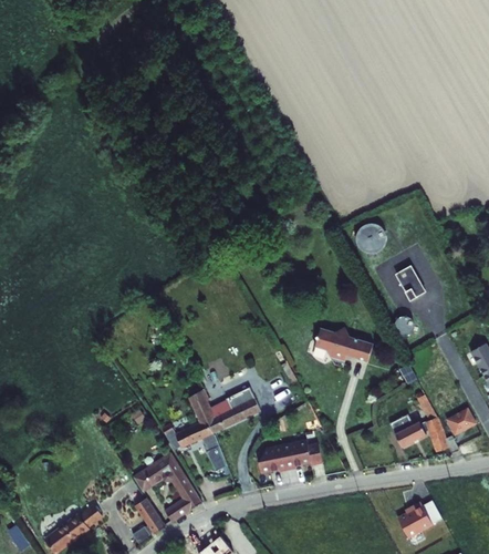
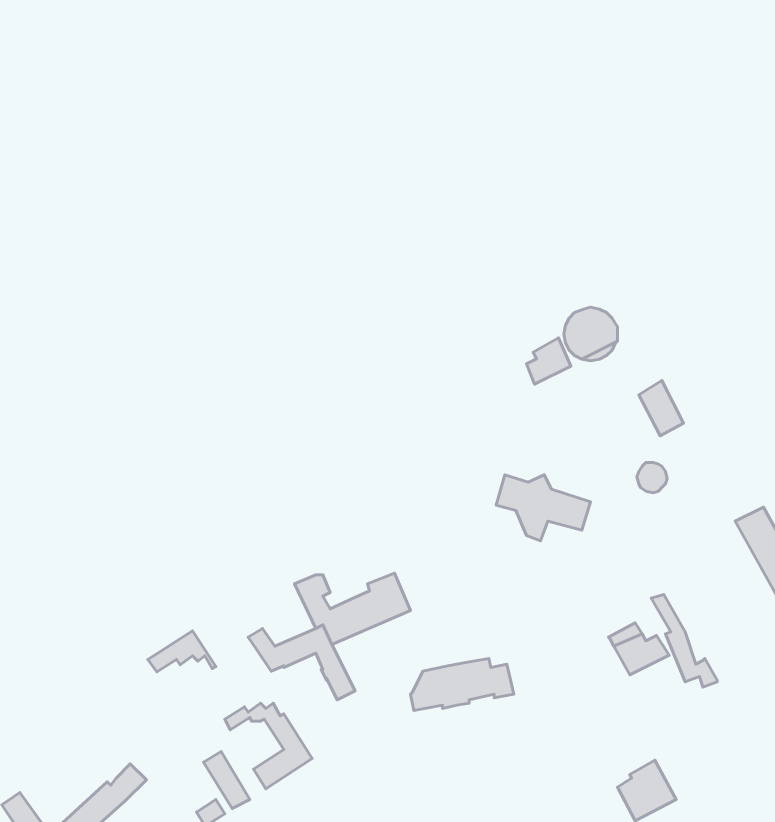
building: none -> [527,338,571,384]
building: [440,412,470,440] -> none
building: [142,452,184,478] -> [148,631,216,672]

